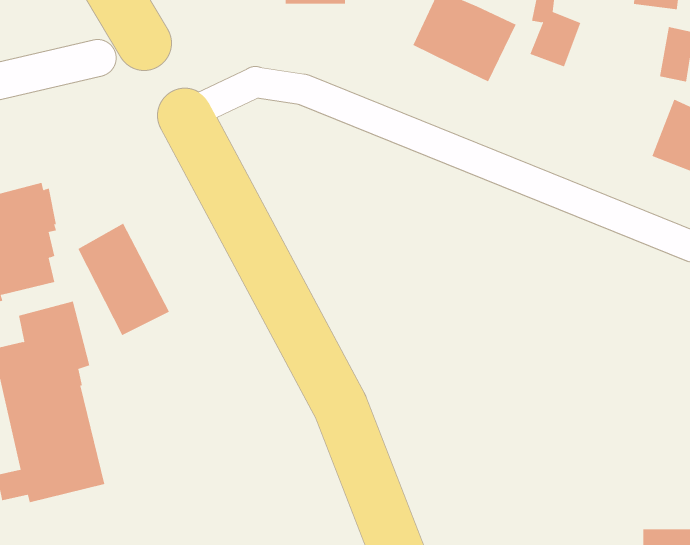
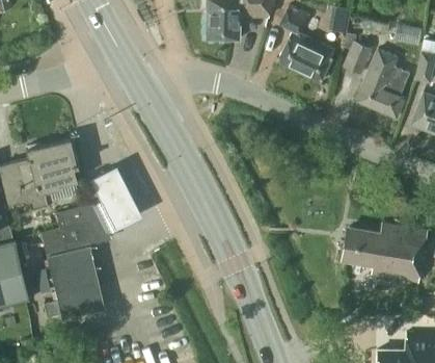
building: none -> [356,49,409,118]
building: none -> [342,223,427,283]

